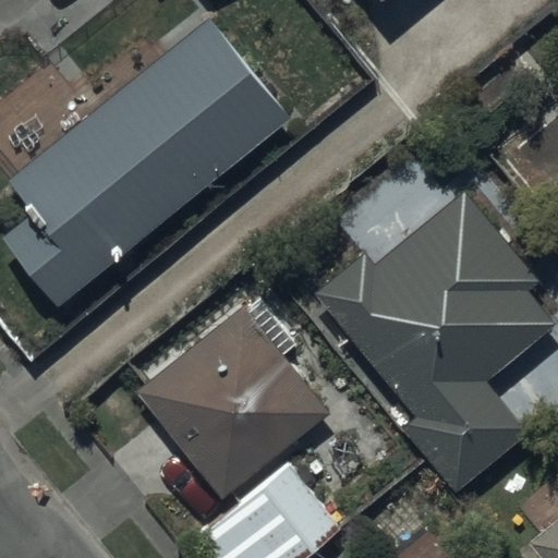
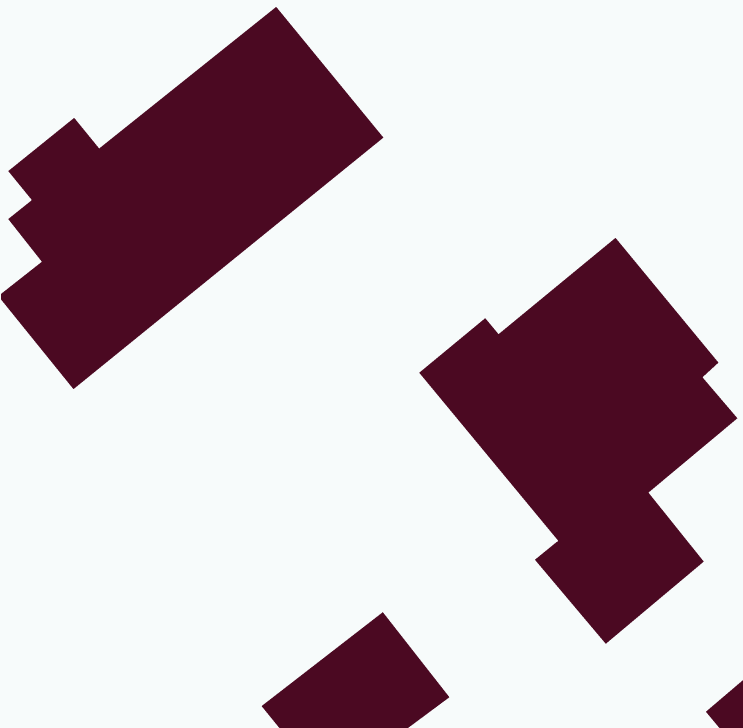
building: [137,310,330,500] -> none

